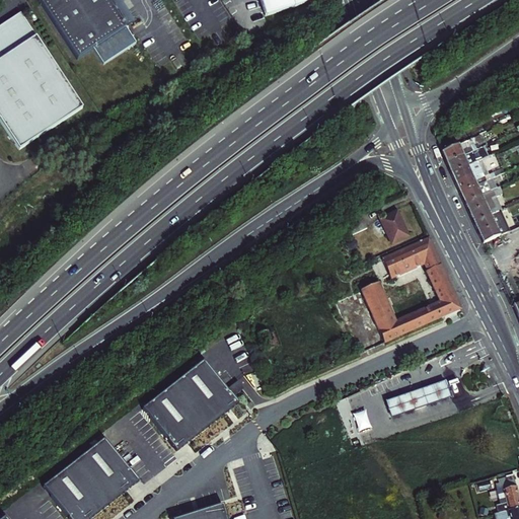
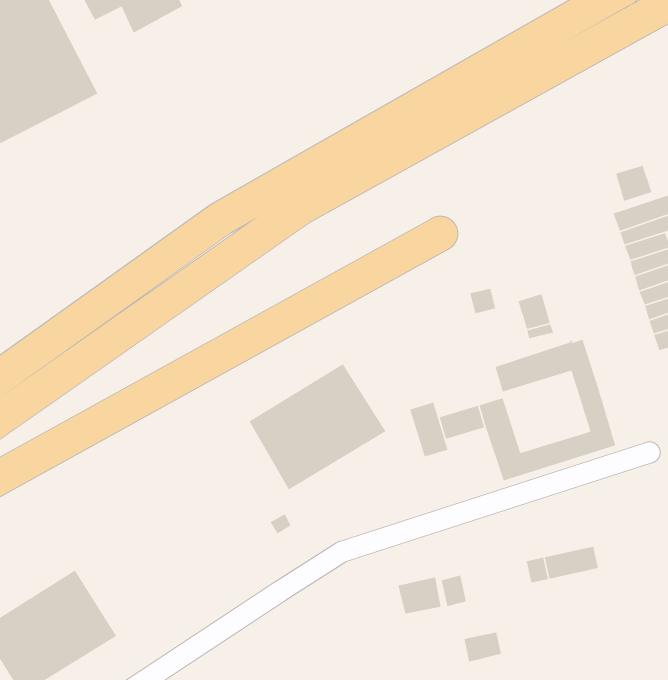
building: none -> [615,165,653,202]
building: none -> [409,402,448,458]
building: [145,359,240,450] -> [248,363,386,491]
building: [386,394,414,418] -> [464,631,502,663]
building: none -> [398,577,441,615]

